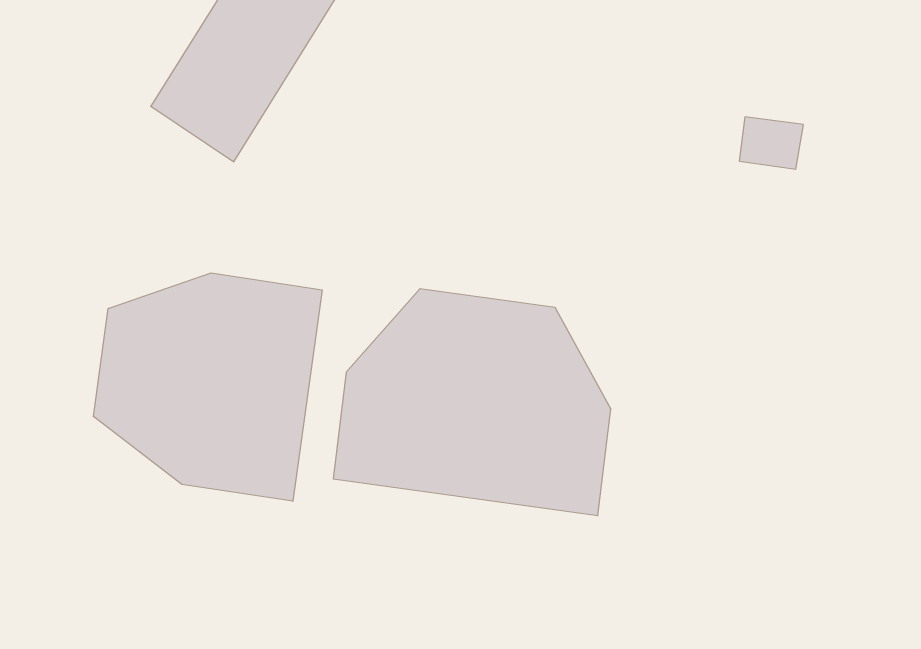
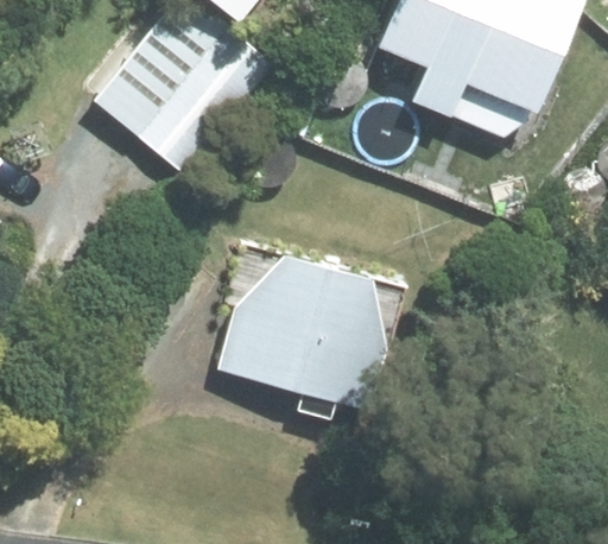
building: [93,273,322,501] -> none

